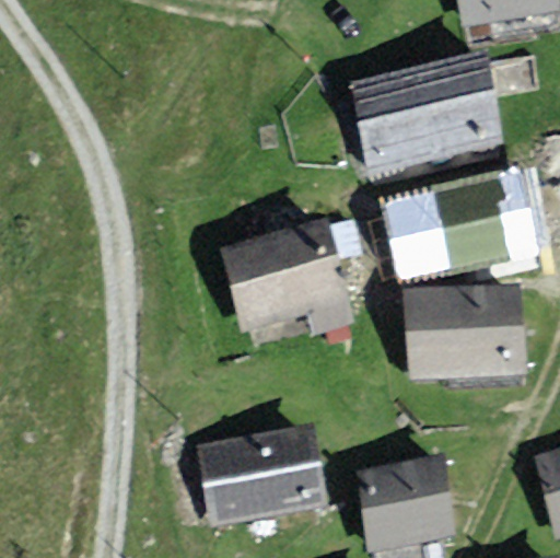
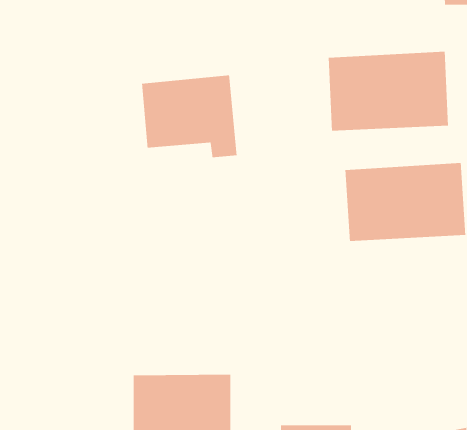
building: [233,234,345,324] -> [141,74,238,158]
building: [412,298,513,371] -> none

